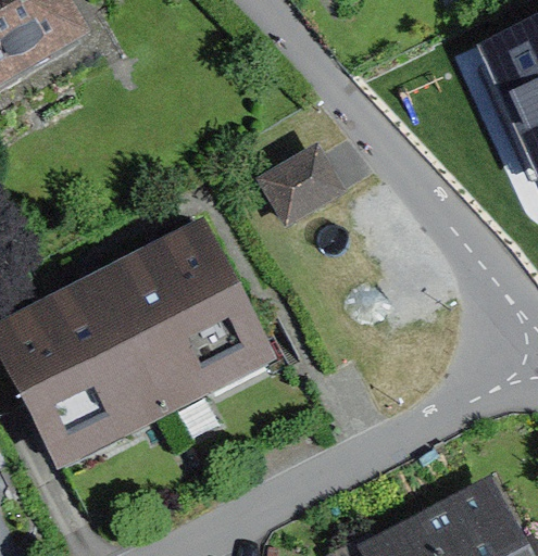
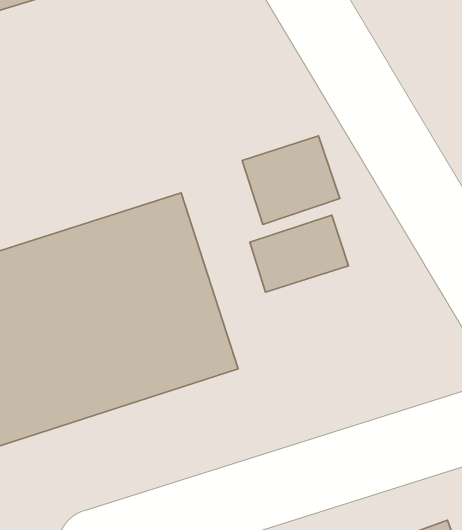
building: none -> [250,215,348,292]

